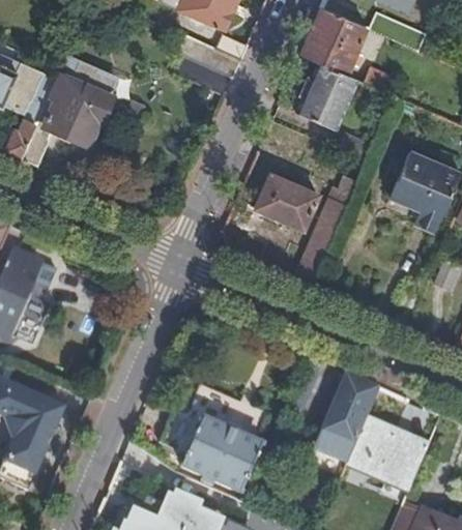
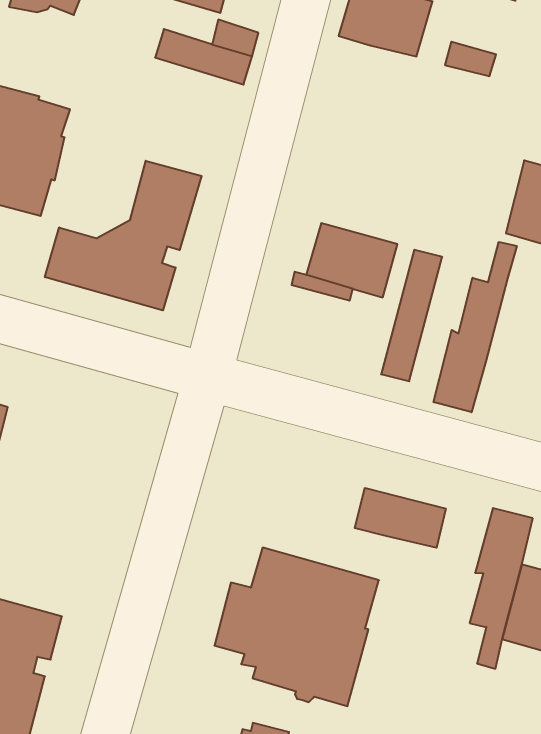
building: [297,64,357,130] -> none
building: none -> [45,161,202,310]
building: none -> [434,242,517,412]
building: none -> [355,488,446,548]

